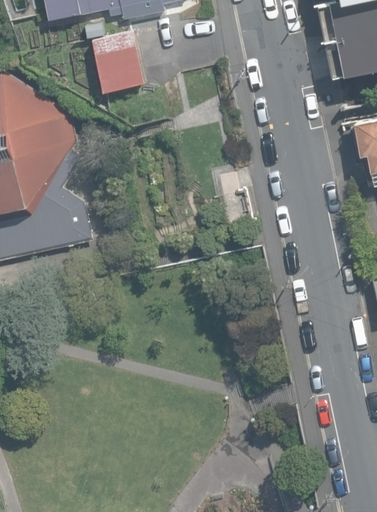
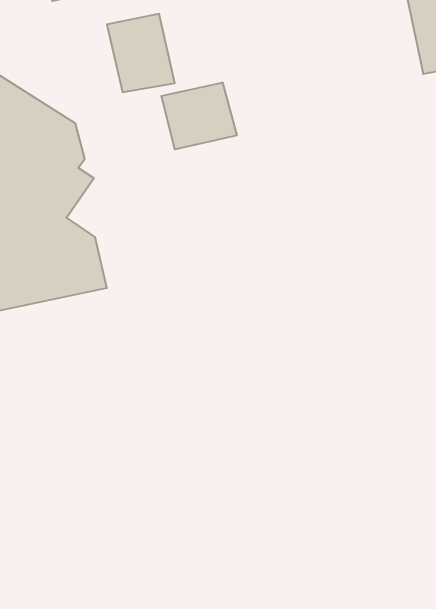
building: none -> [161,82,237,149]

